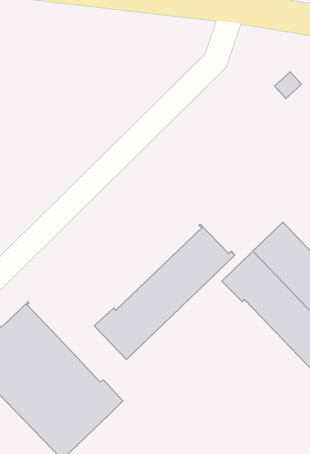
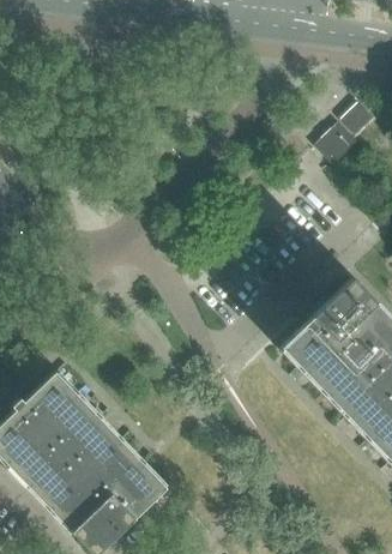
building: none -> [314,121,358,165]
building: [94,225,235,359] -> none

